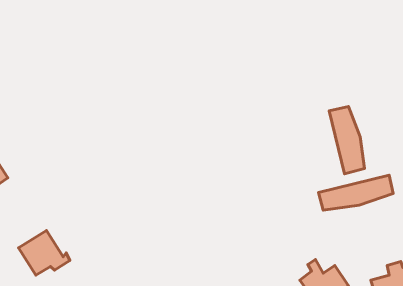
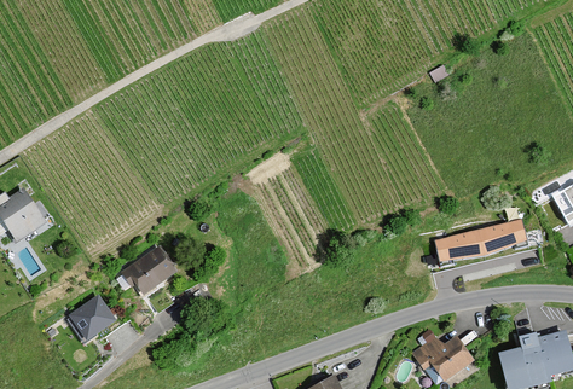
building: [329,107,364,174] -> none
building: none -> [120,244,179,297]

